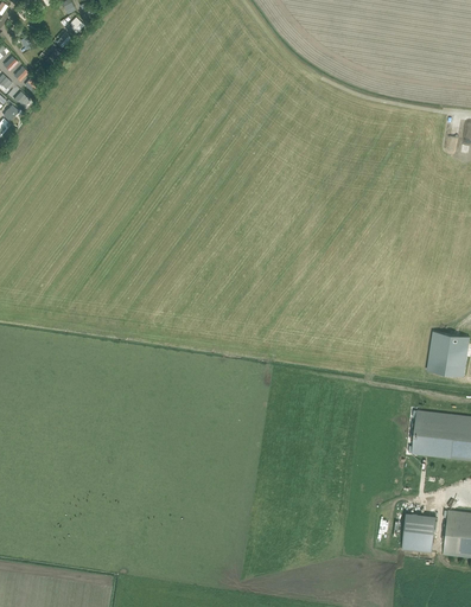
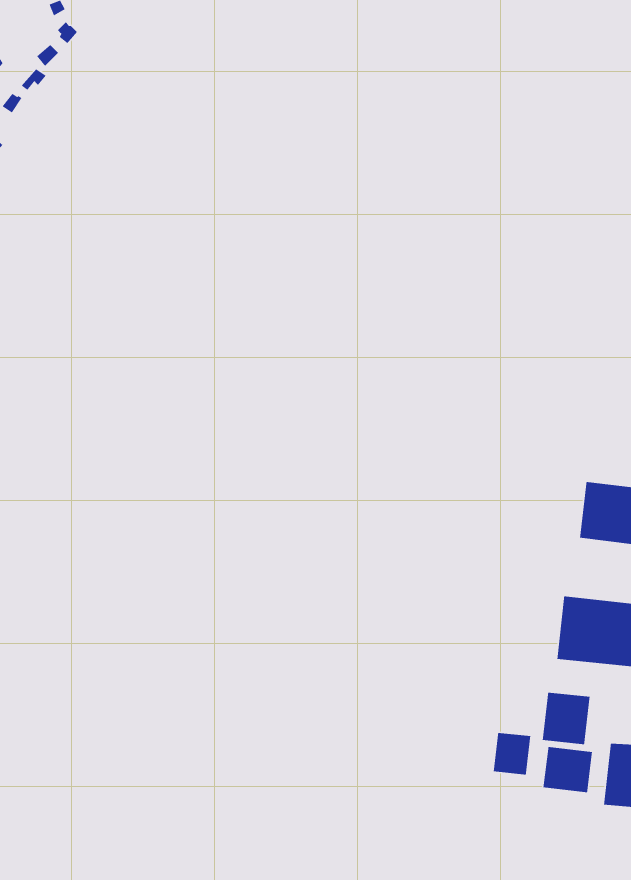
building: none -> [542,692,590,745]
building: none -> [493,732,531,775]

